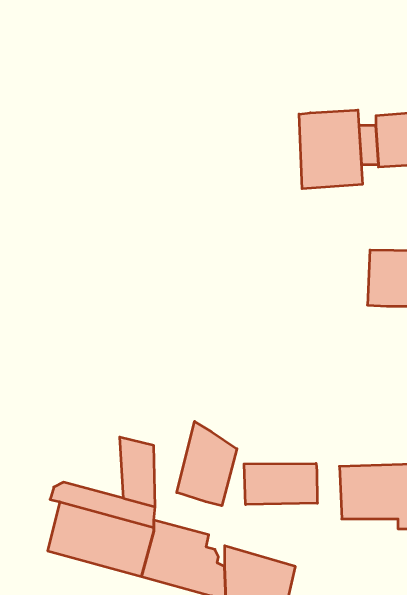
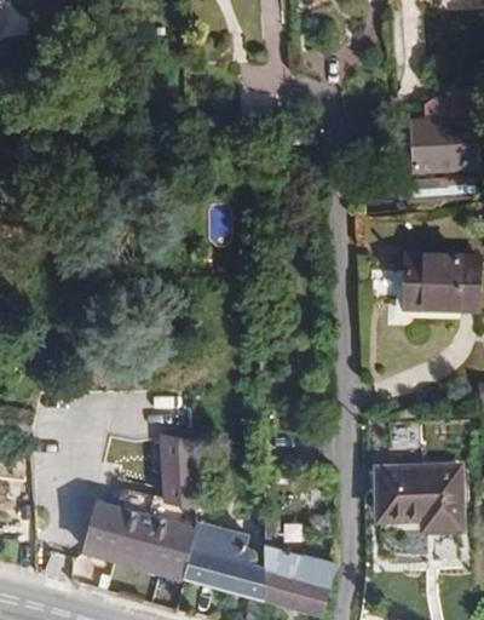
building: [299,110,362,189] -> none
building: [177,421,237,506] -> none
building: [244,463,317,505] -> none

